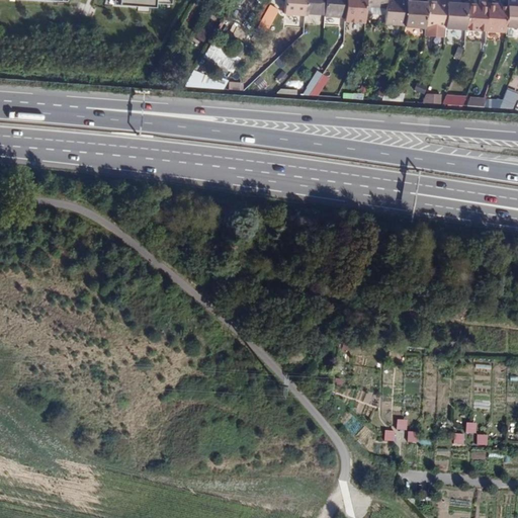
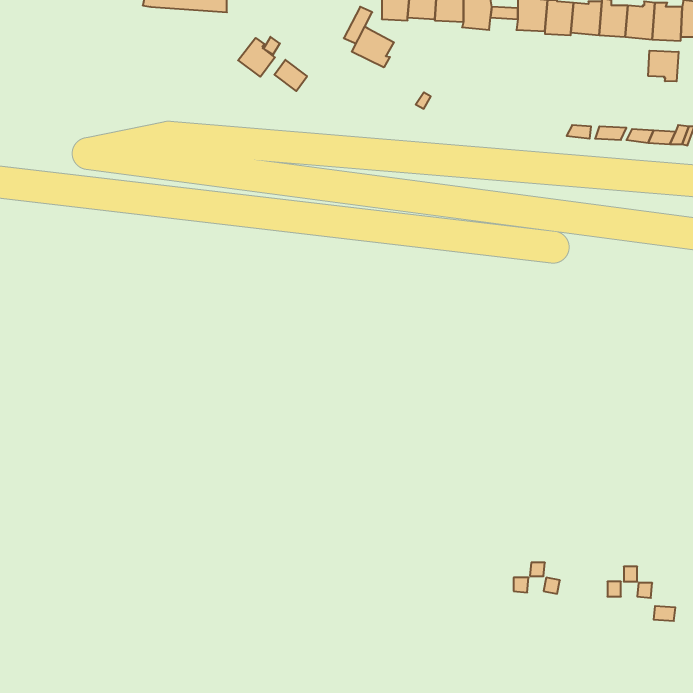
building: none -> [352,27,394,67]
building: none -> [238,38,275,77]
building: none -> [648,51,679,81]

